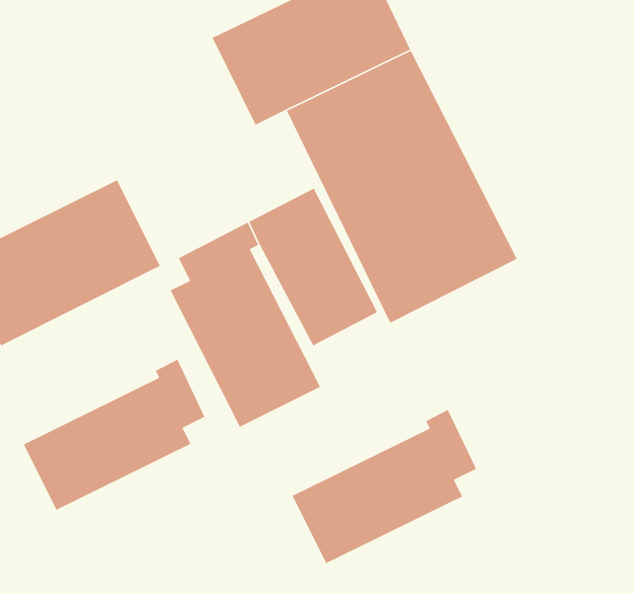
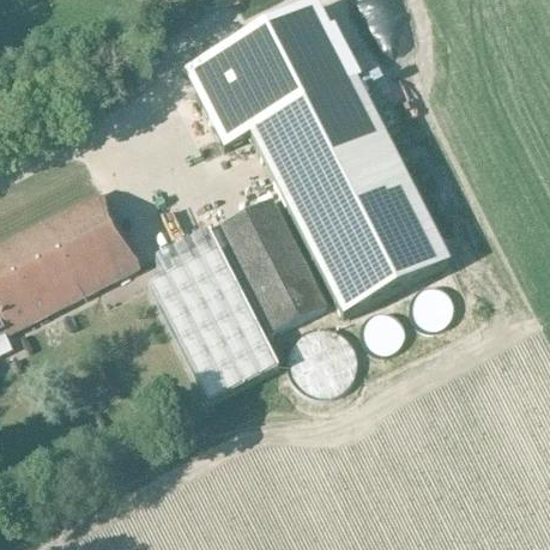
building: [23,359,206,511] -> none
building: [292,409,477,564] -> none

